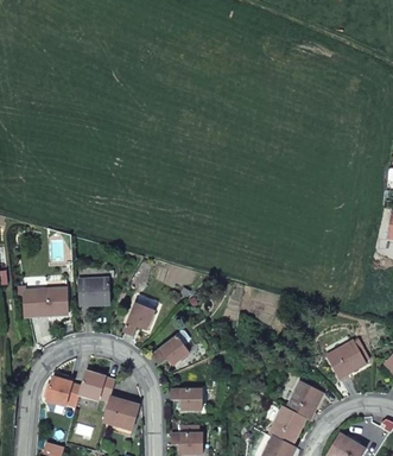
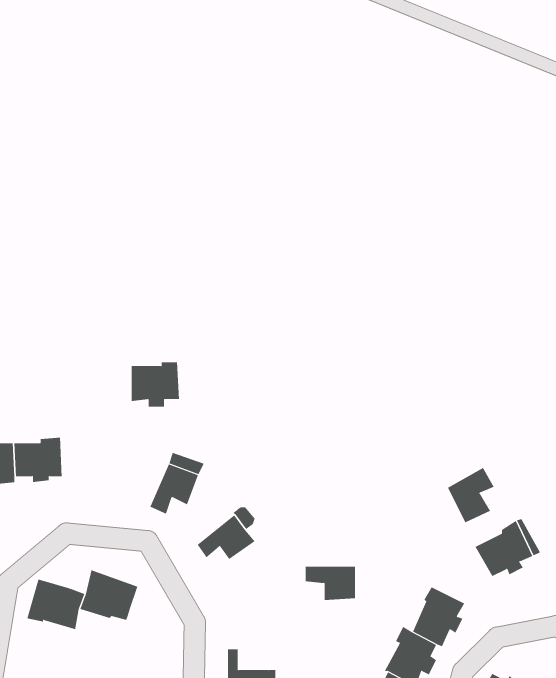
building: [78,278,109,306] -> [131,362,180,407]
building: none -> [447,467,495,523]
building: [170,390,202,411] -> [305,566,356,600]
building: [103,398,138,431] -> none

